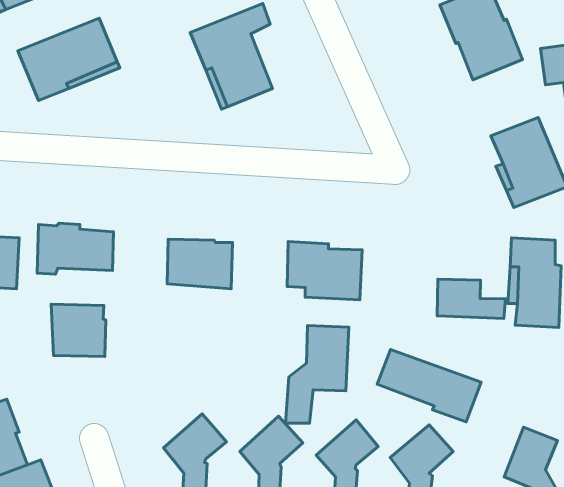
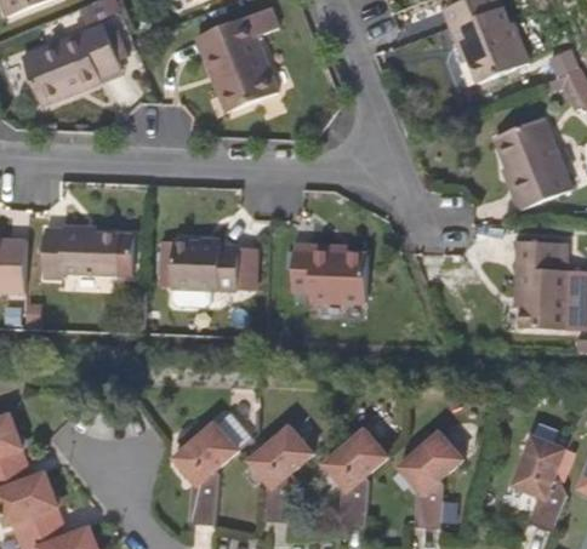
building: [437,279,505,318] -> none
building: [51,304,106,357] -> none
building: [286,325,349,423] -> none
building: [377,349,481,422] -> none

